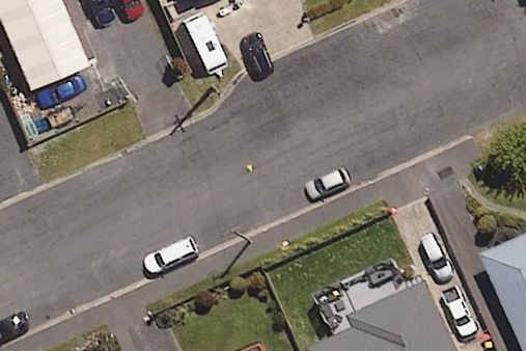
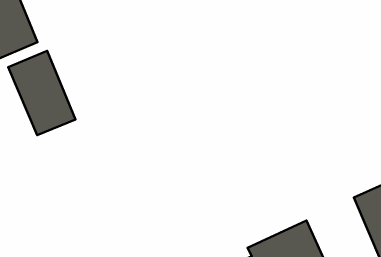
building: none -> [8,51,76,135]

